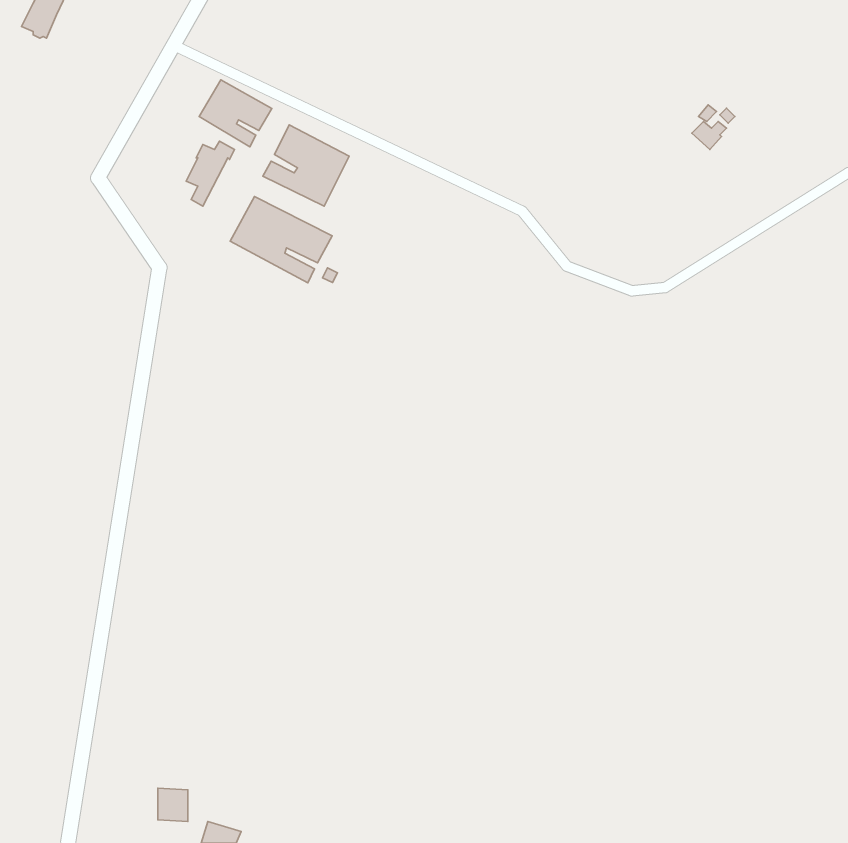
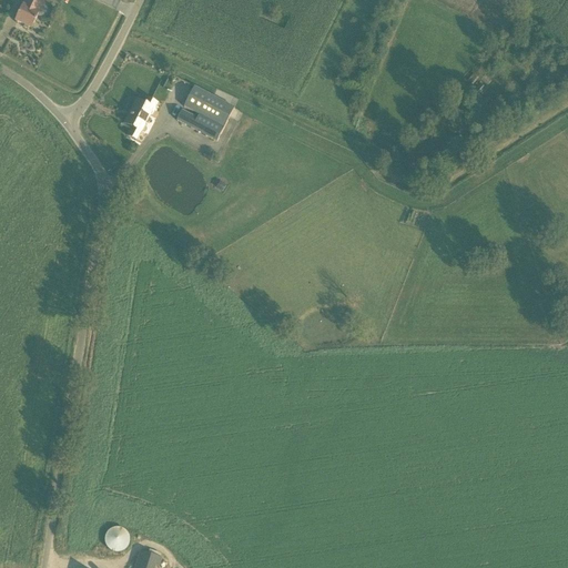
building: [199,80,272,147] -> none
building: [230,196,332,283] -> none

